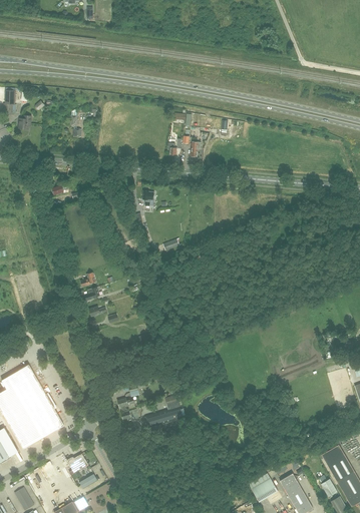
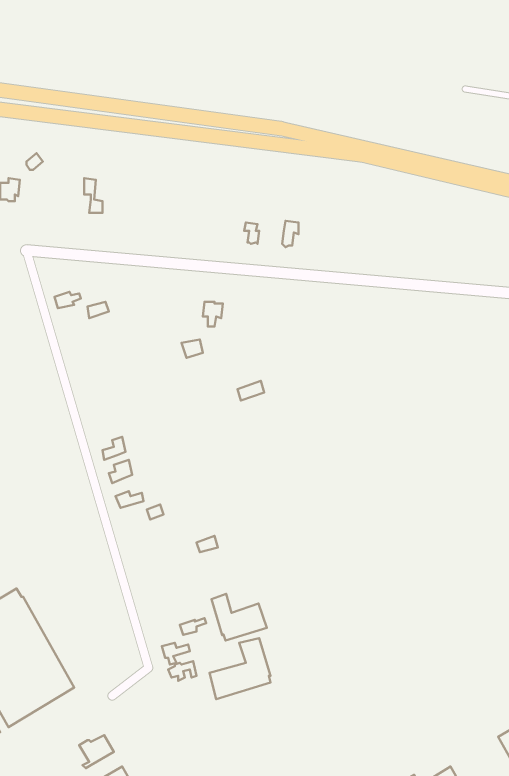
building: none -> [211,594,267,640]

